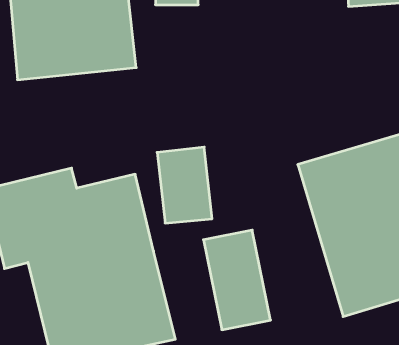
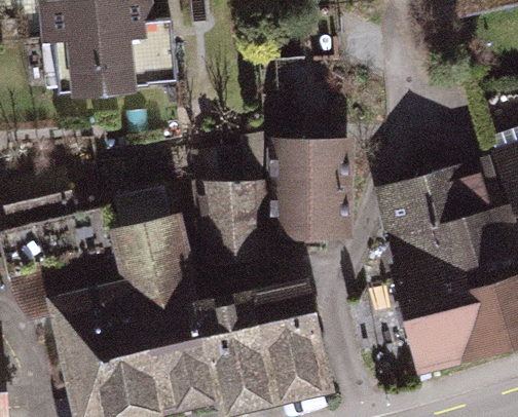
building: none -> [271,139,356,243]
building: none -> [197,288,278,405]

